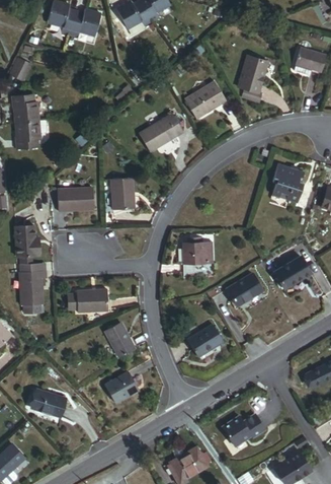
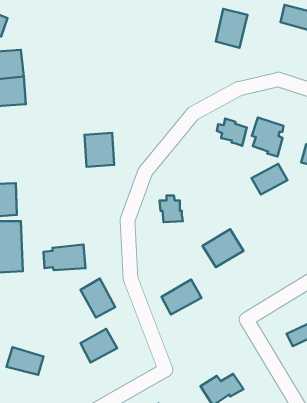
building: [182,79,227,119] -> none
building: [137,113,184,154] -> none
building: none -> [217,118,247,146]
building: [56,186,95,210] -> none
building: [273,258,309,288] -> [251,164,287,195]

